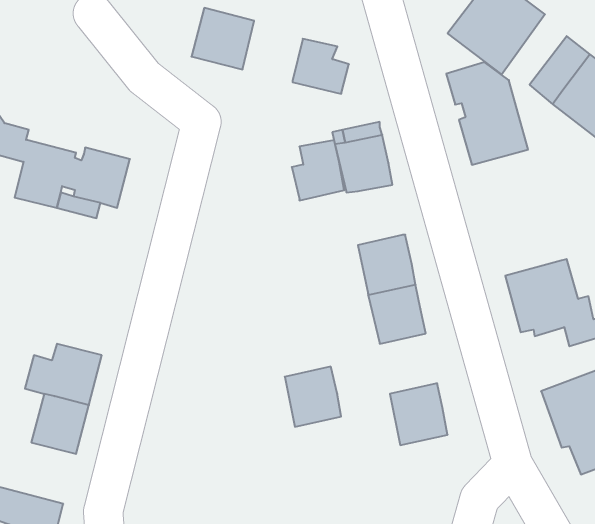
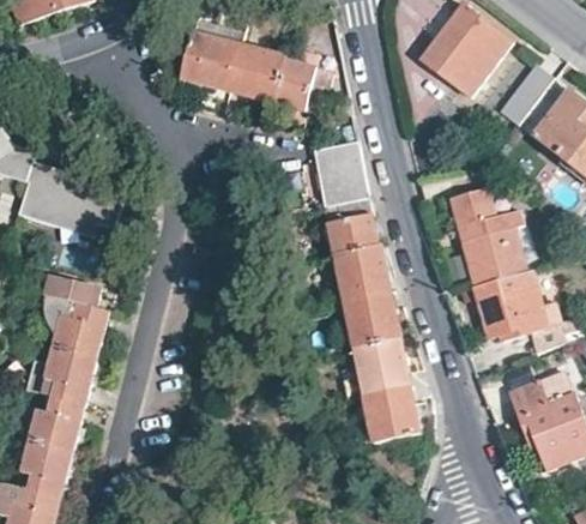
building: none -> [228,46,285,102]
building: [446,62,528,165] -> [449,188,526,284]
building: [292,140,344,200] -> [328,199,377,255]
building: none -> [47,278,109,359]
building: [285,367,341,427] -> [356,338,409,394]
building: none -> [22,440,72,498]

